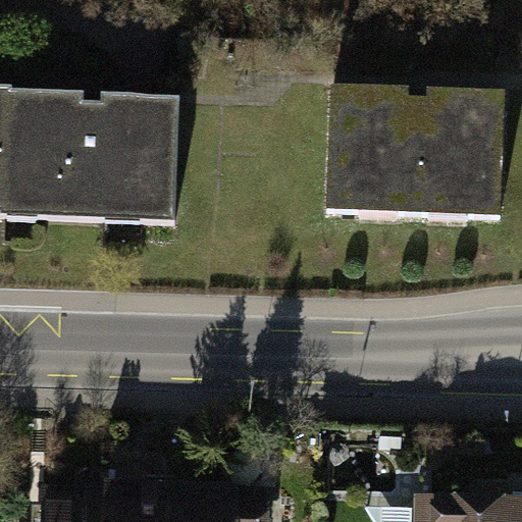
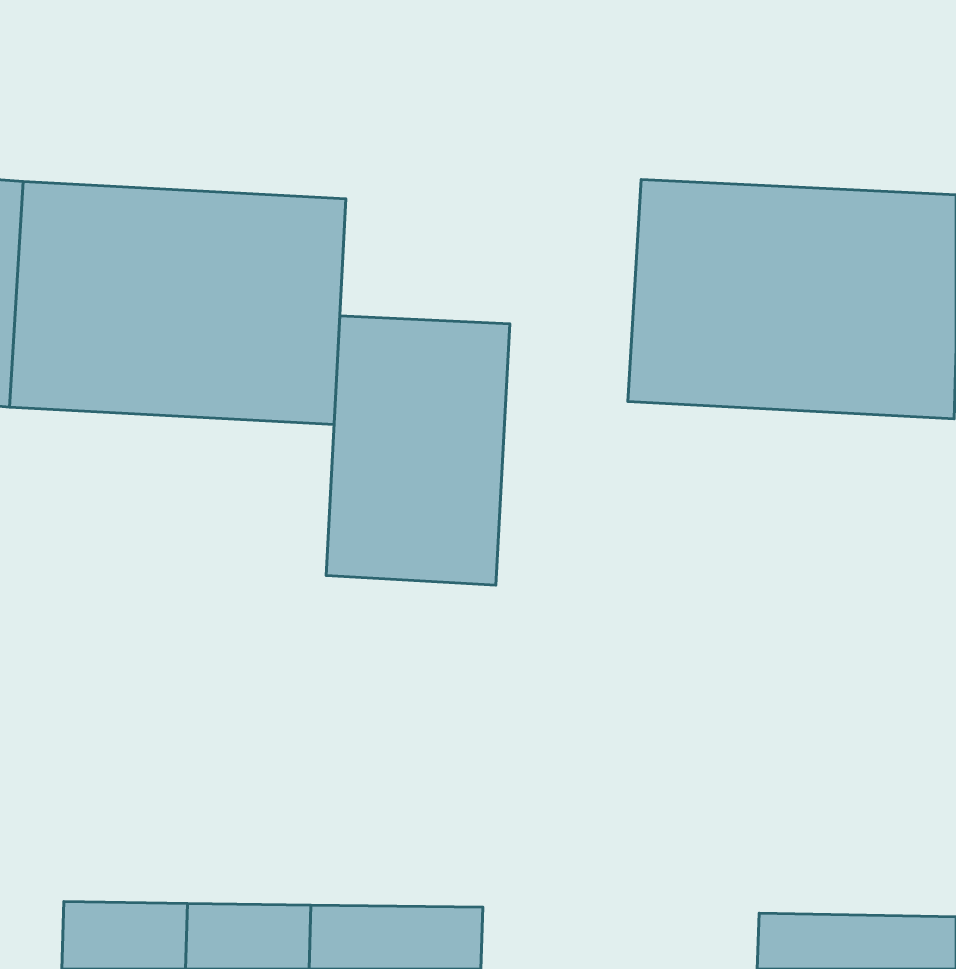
building: none -> [326,316,510,585]

